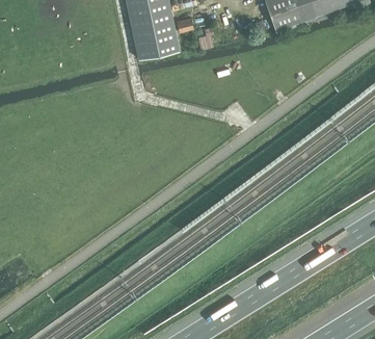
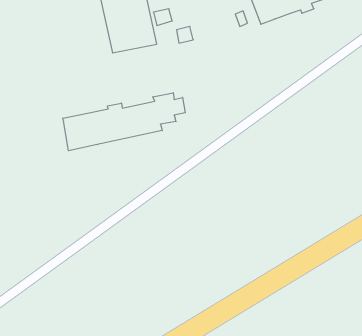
building: none -> [63,93,185,151]

